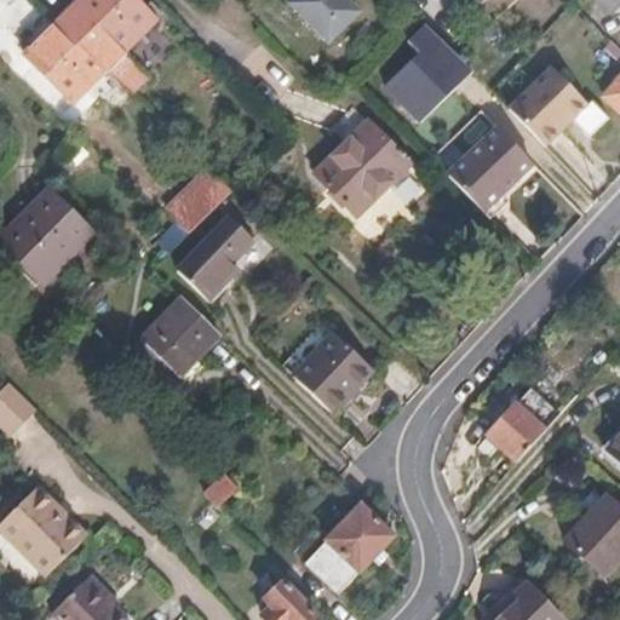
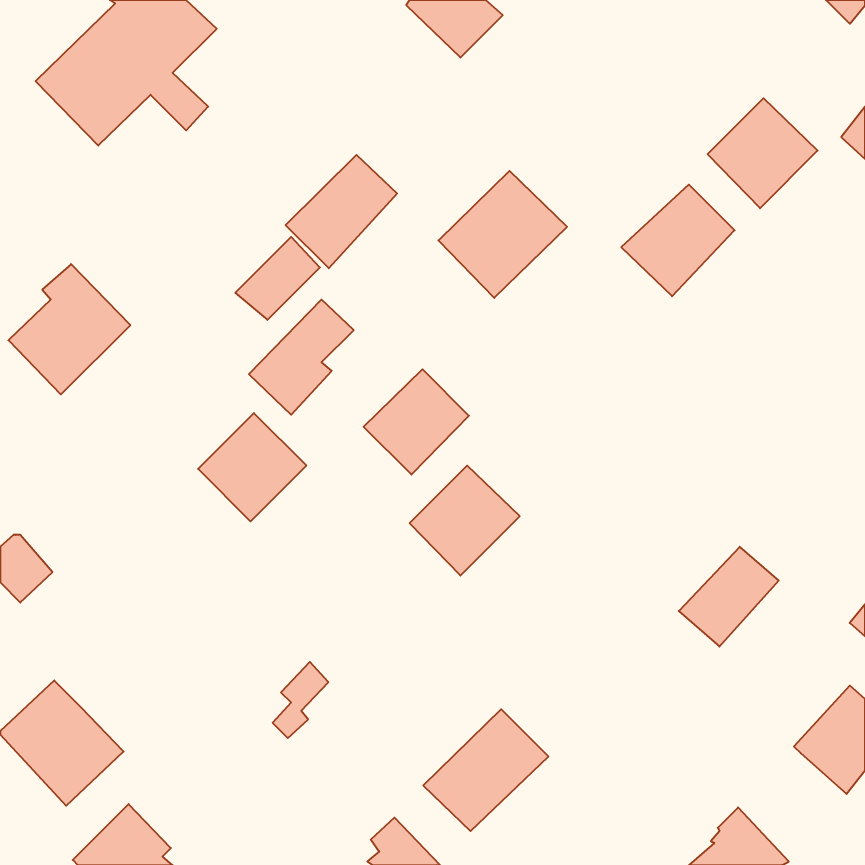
building: [383,18,475,122] -> none
building: none -> [286,155,397,268]
building: none -> [364,369,469,475]

